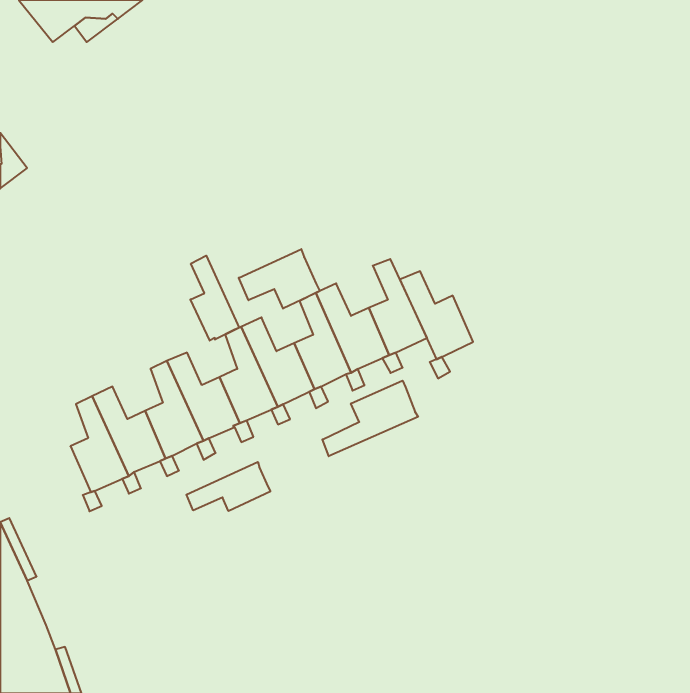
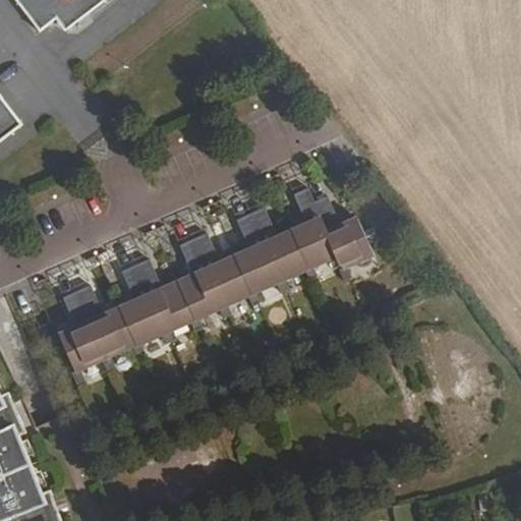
building: [239,249,320,309] -> none
building: [190,256,239,341] -> none
building: [322,381,418,456] -> none
building: [186,462,270,511] -> none

